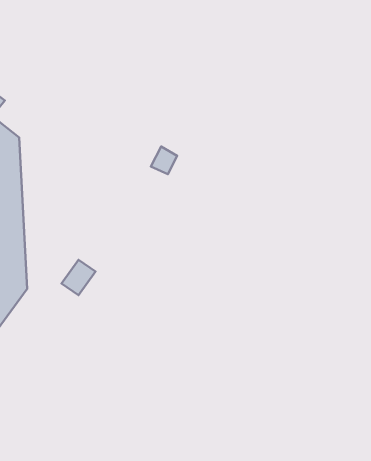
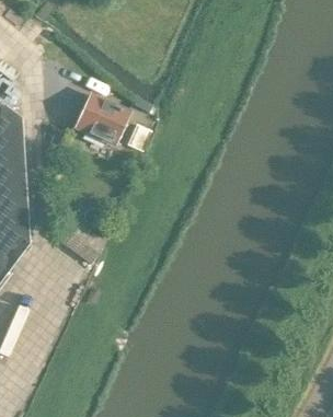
building: none -> [76,95,129,144]

